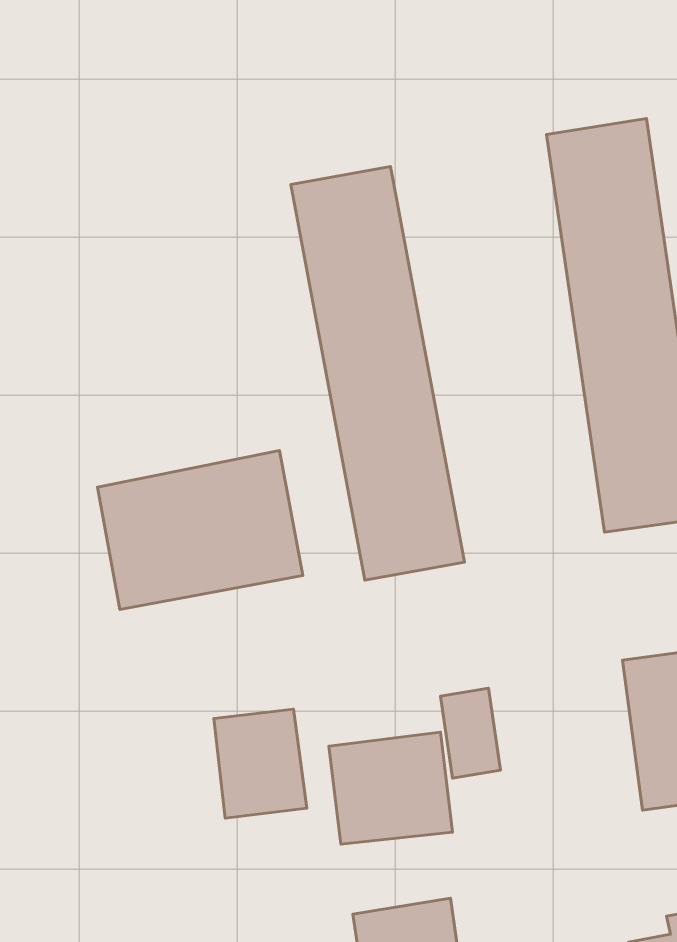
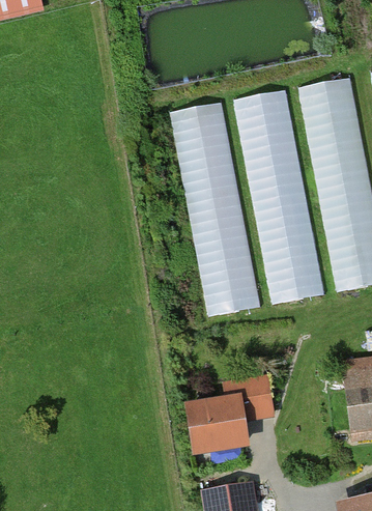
building: none -> [235,90,321,304]
building: [98,451,303,610] -> none
building: [214,709,307,818] -> none

